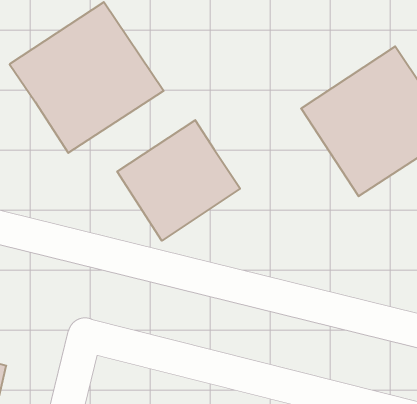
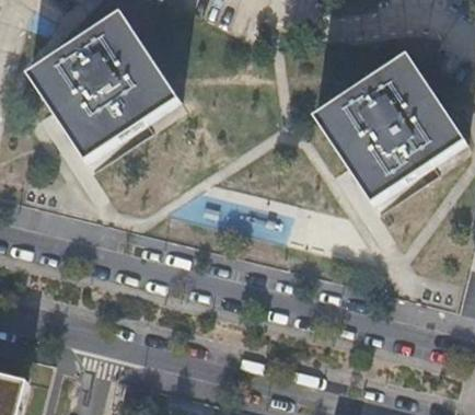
building: [117,120,240,241] -> none

